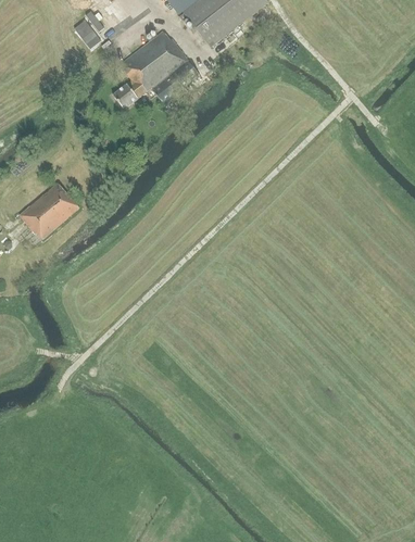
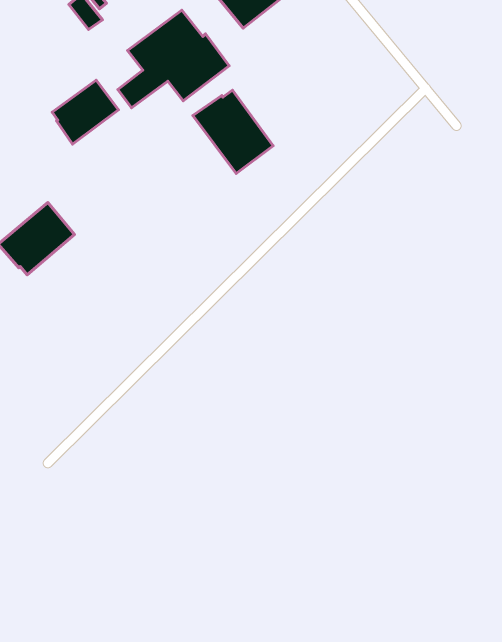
building: none -> [52,80,119,144]
building: none -> [193,90,273,174]

